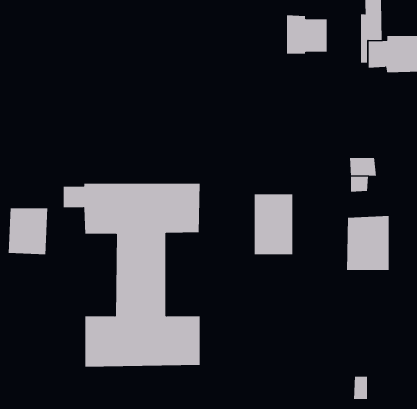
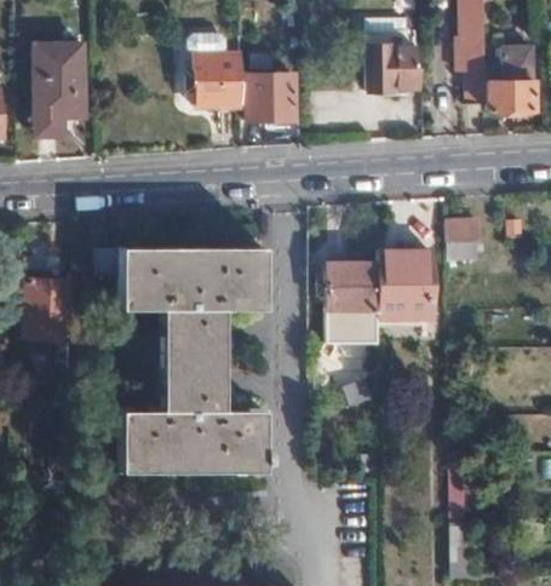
building: none -> [36,44,86,123]
building: none -> [199,53,245,107]
building: none -> [249,74,297,119]
building: [346,215,390,270] -> [380,248,434,316]

